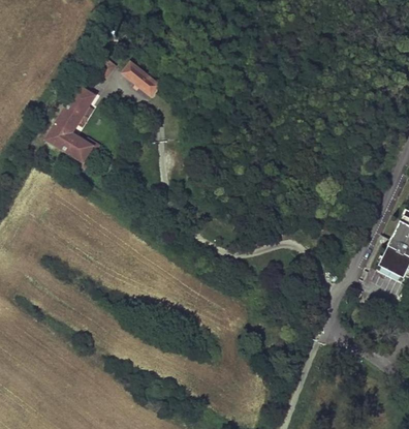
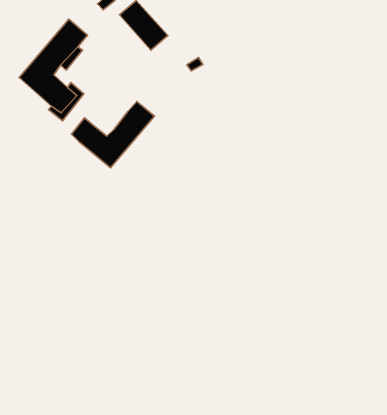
building: none -> [71,101,154,168]

